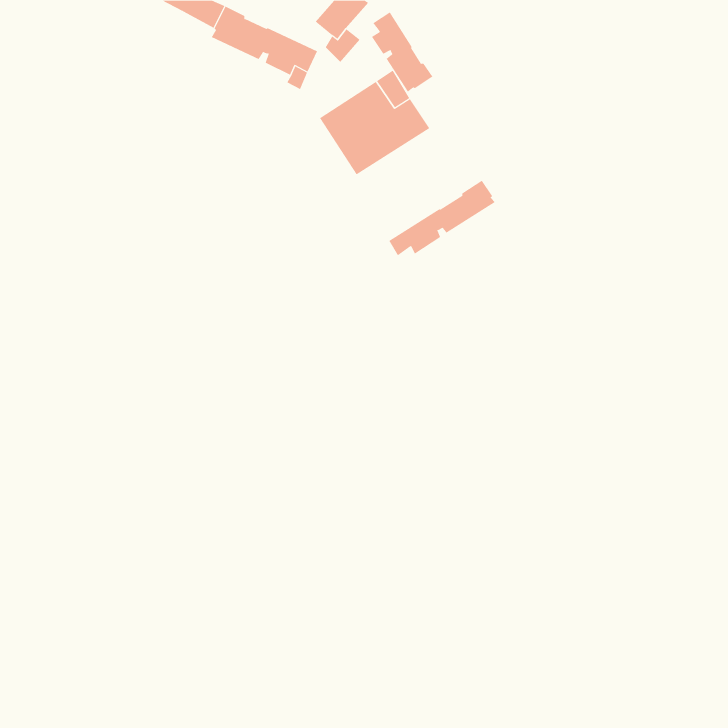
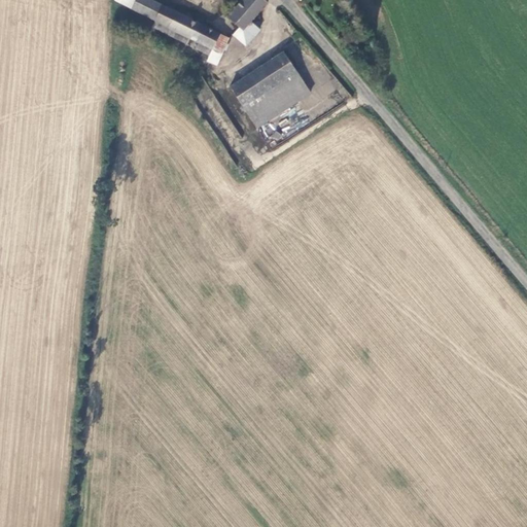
building: [371,12,433,93] -> none
building: [388,180,495,256] -> none

